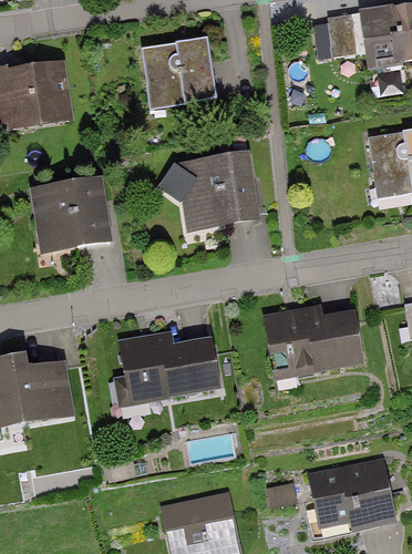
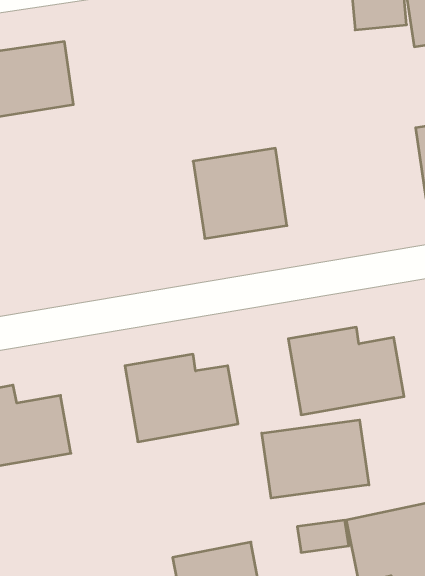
building: [141,38,214,107] -> none
building: [32,177,114,253] -> none
building: none -> [262,420,369,498]

